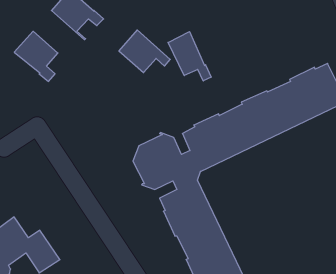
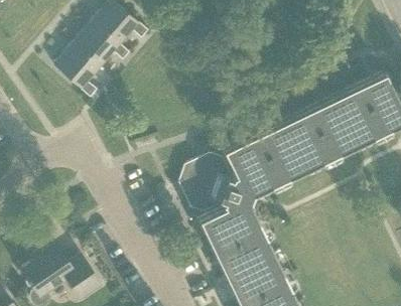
building: [119,30,170,73] -> [74,22,128,67]
building: [168,32,211,81] -> none

